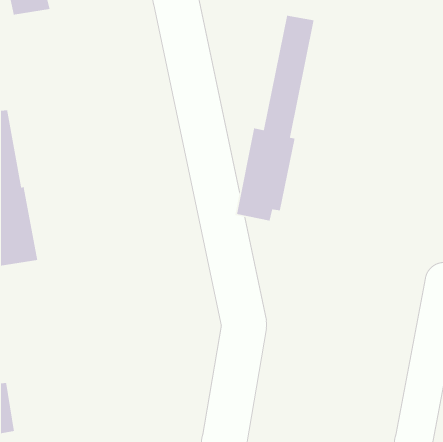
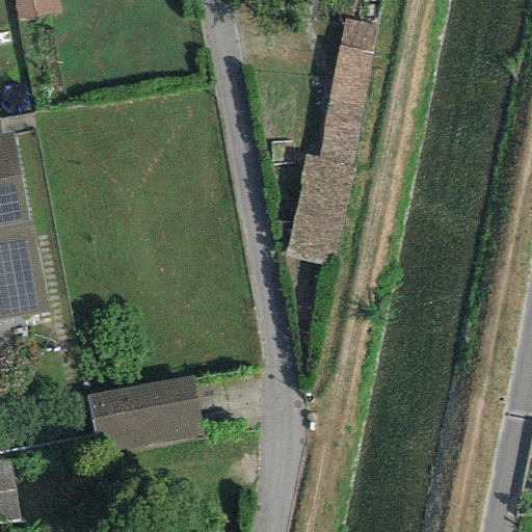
building: none -> [84,374,204,455]

